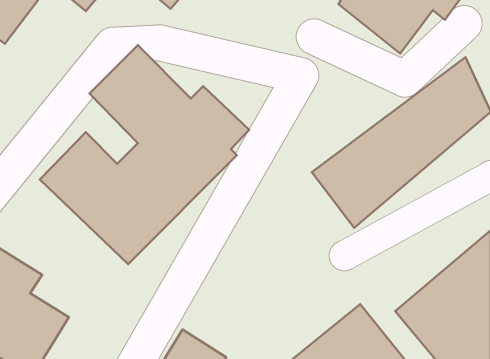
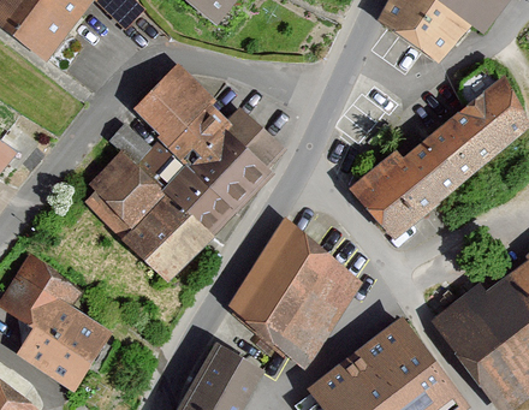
building: none -> [224,224,364,366]

